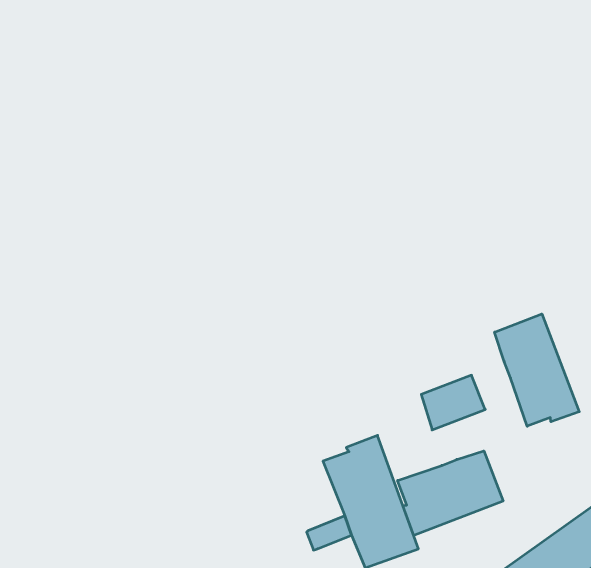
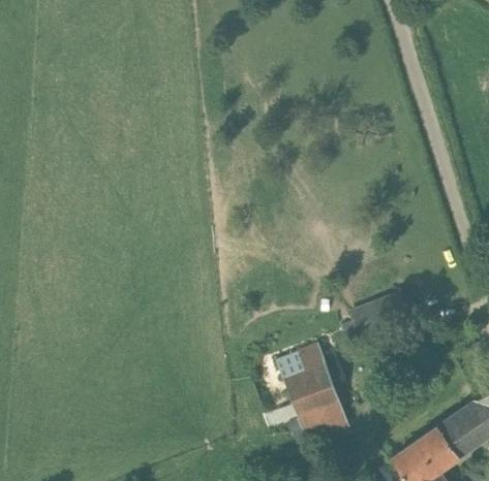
building: [495,314,579,426] -> none
building: [398,451,503,536] -> none

